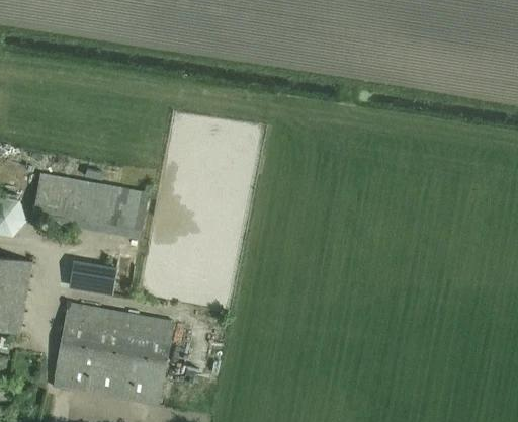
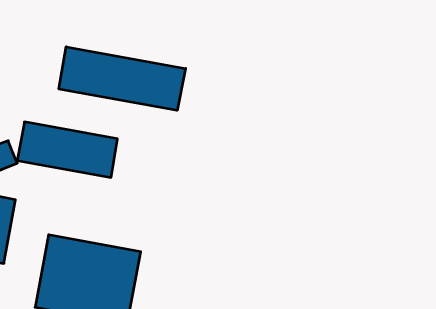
building: none -> [59,47,186,110]
building: [73,263,115,291] -> none

